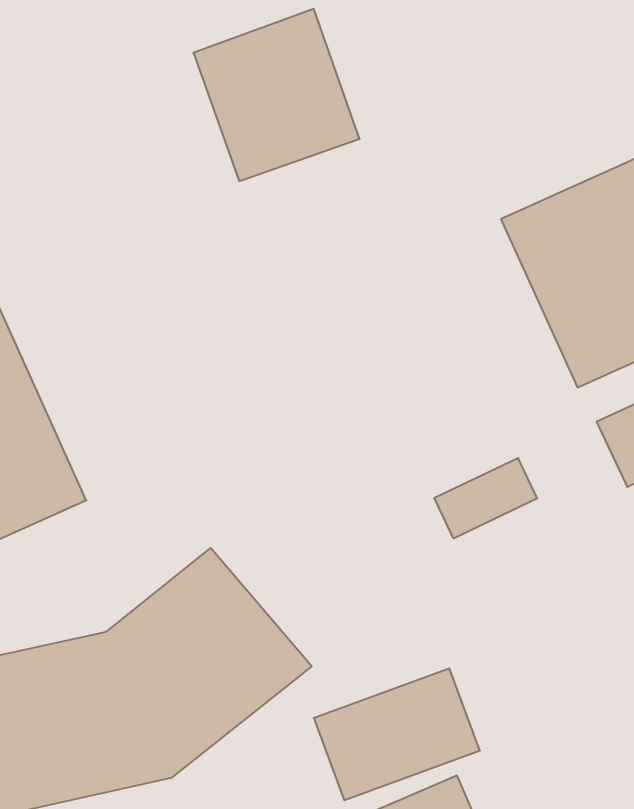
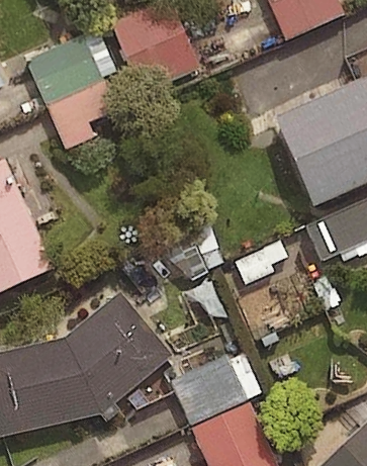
building: none -> [33,43,115,156]

